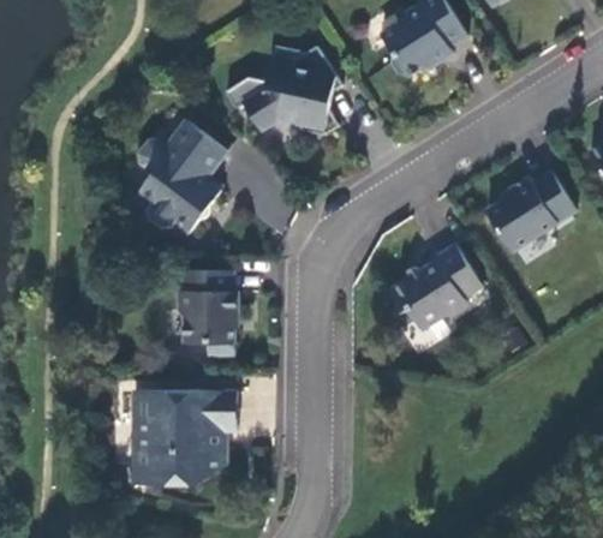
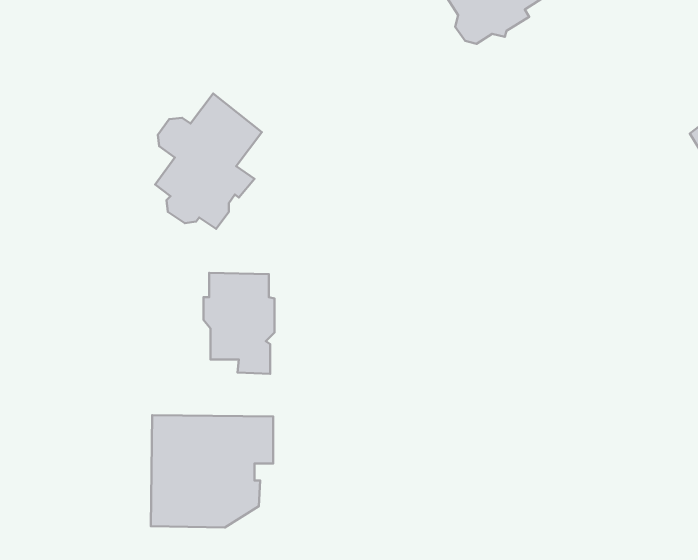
building: [243,46,342,136] -> none
building: [485,173,575,251] -> none
building: [388,244,482,330] -> none

